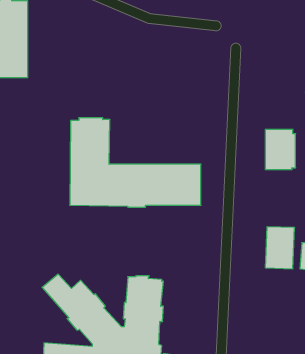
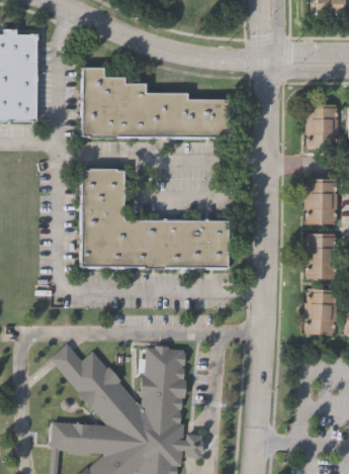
building: none -> [83,68,233,136]
building: none -> [302,106,335,151]
building: none -> [303,236,338,280]

